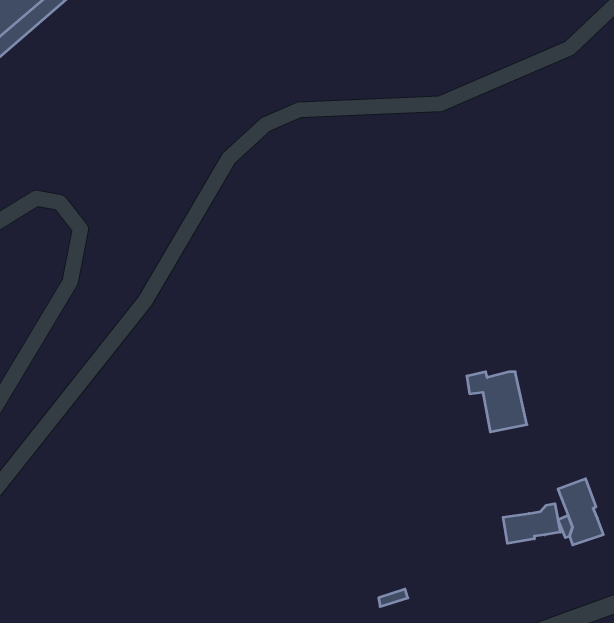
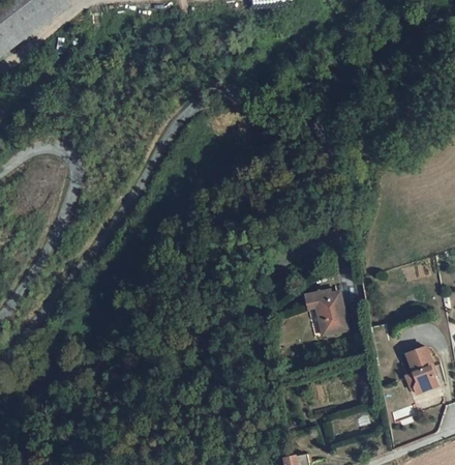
building: [467,372,527,432] -> [305,292,347,335]
building: [503,504,560,543] -> none

